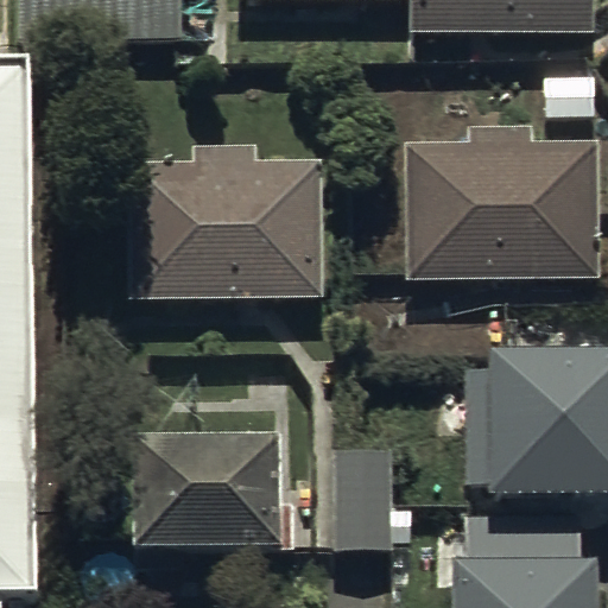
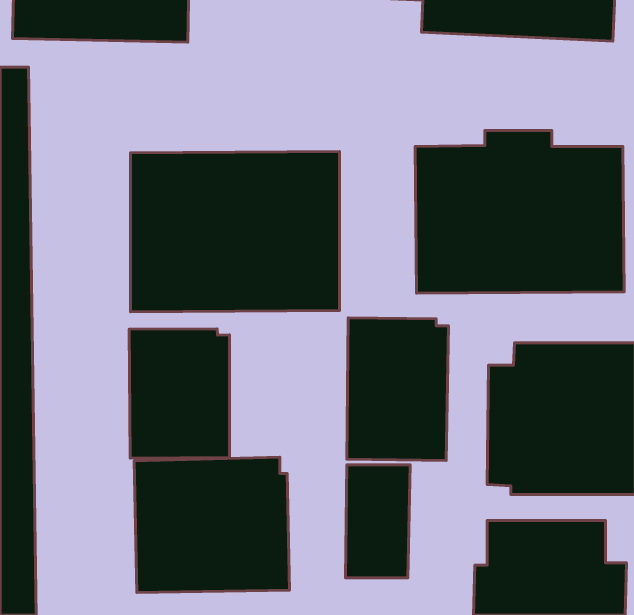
building: none -> [347,318,448,460]
building: none -> [129,329,230,458]

